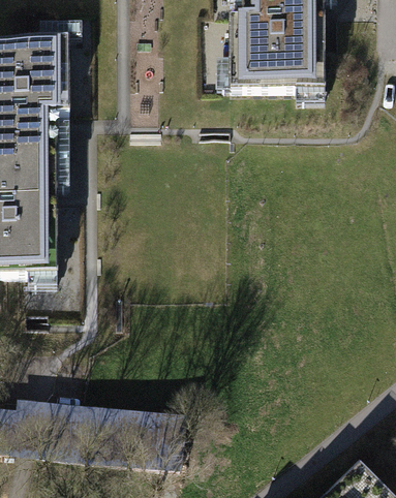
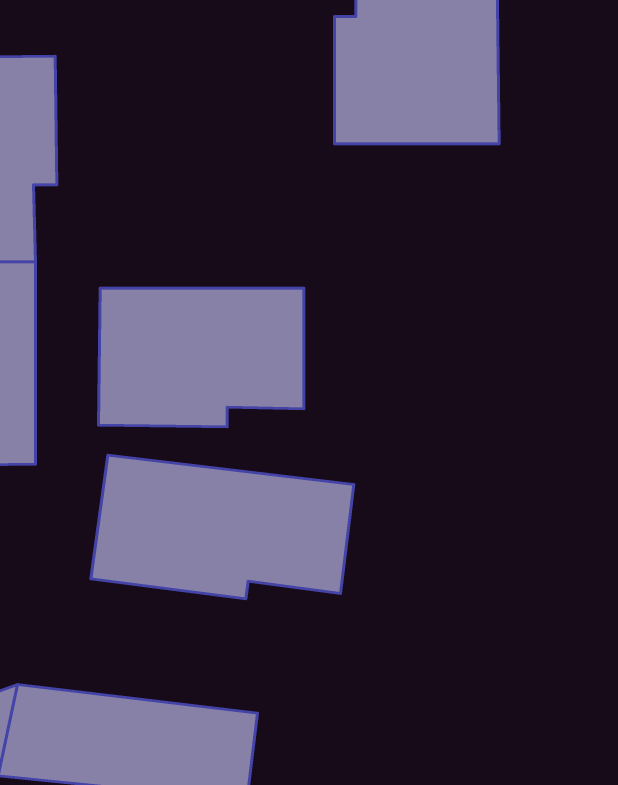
building: none -> [98,288,304,427]
building: none -> [91,455,354,599]

